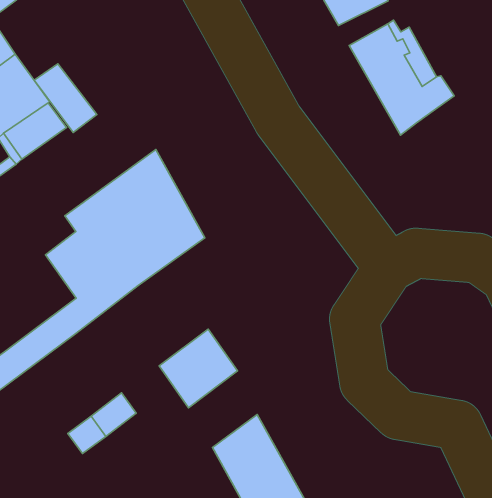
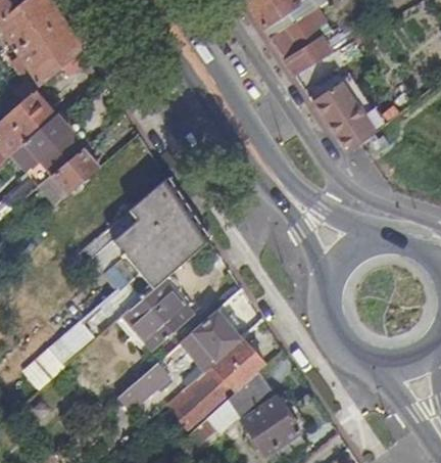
building: [34,64,97,132] -> none
building: none -> [117,281,191,352]
building: none -> [165,339,264,432]

